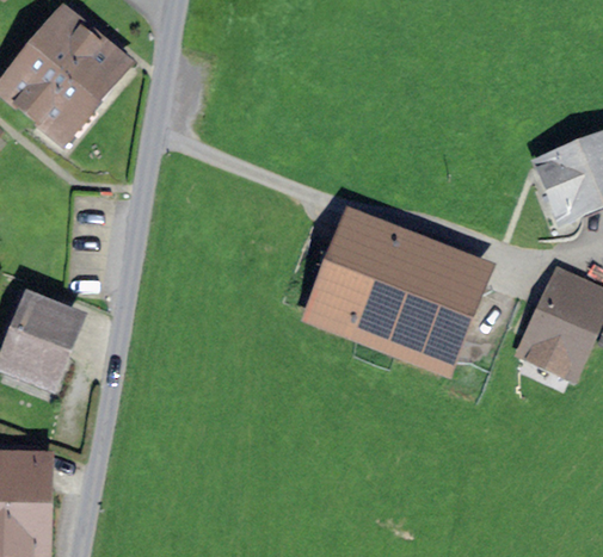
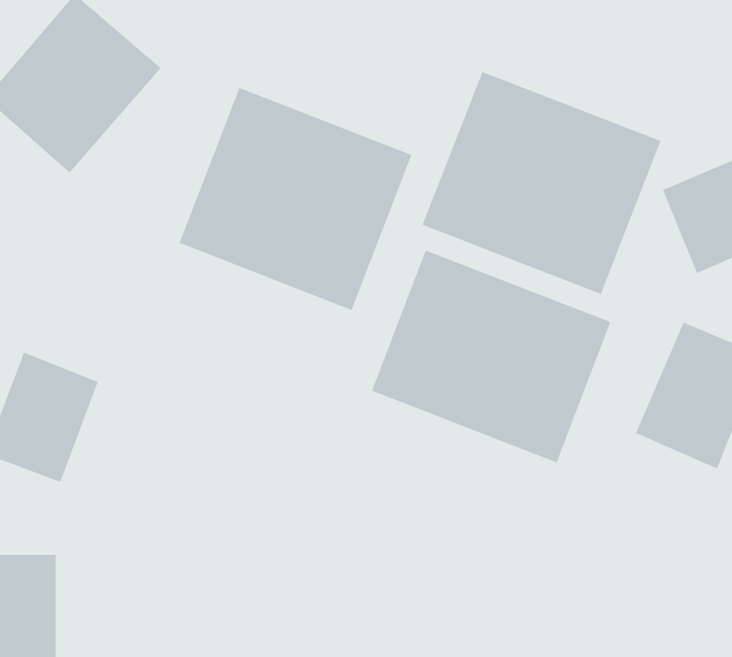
building: none -> [422,71,661,295]
building: none -> [179,87,412,311]

